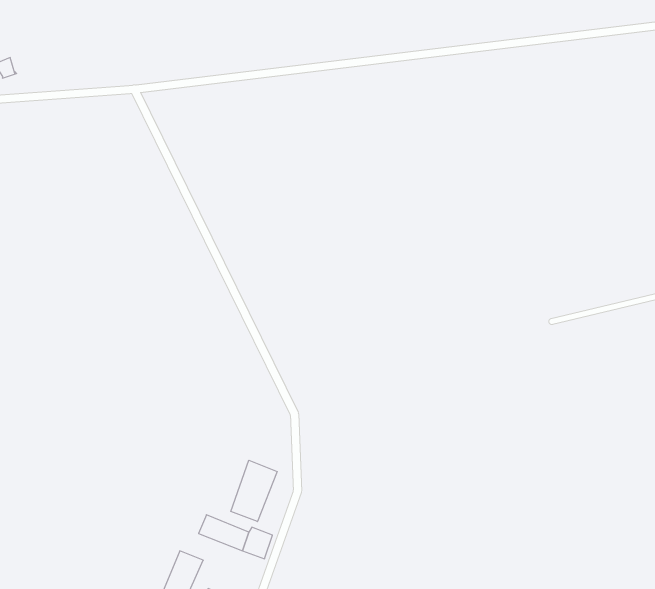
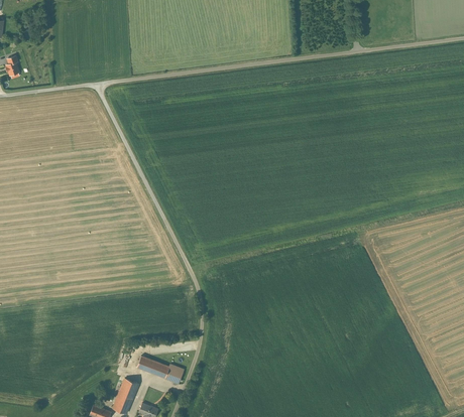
building: [231,460,277,522] -> none

